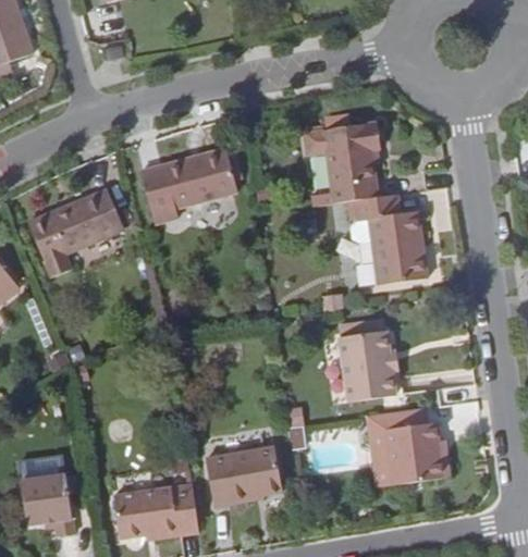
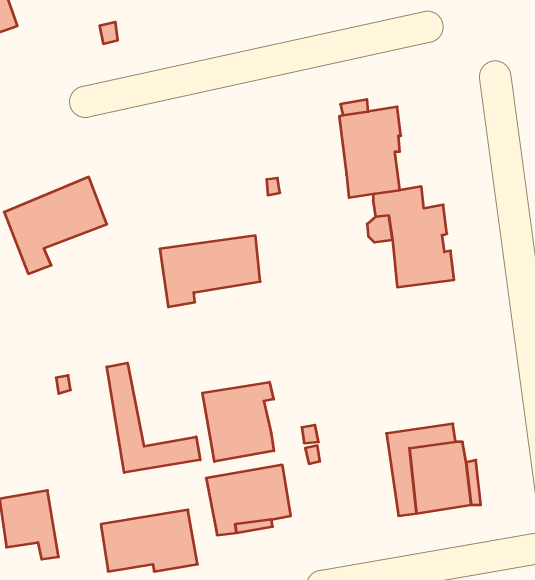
building: [142,147,232,211] -> [160,236,260,307]
building: [341,330,394,400] -> none
building: none -> [107,363,200,473]
building: none -> [202,382,274,462]

